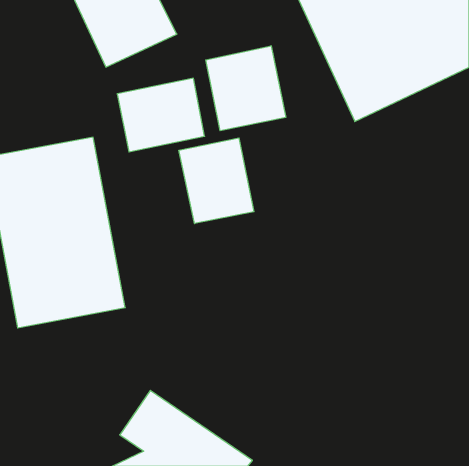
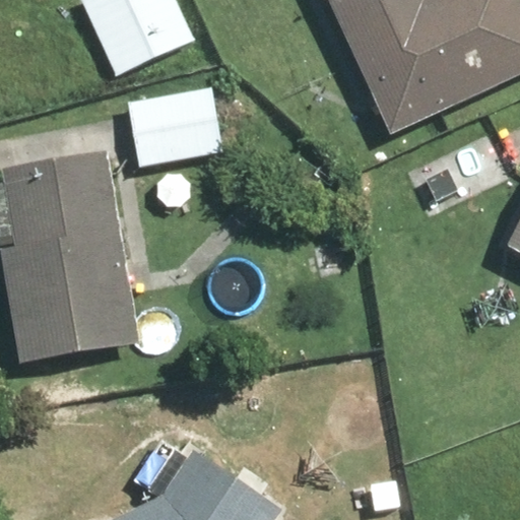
building: [206,46,286,131] -> none
building: [179,138,254,224] -> none

